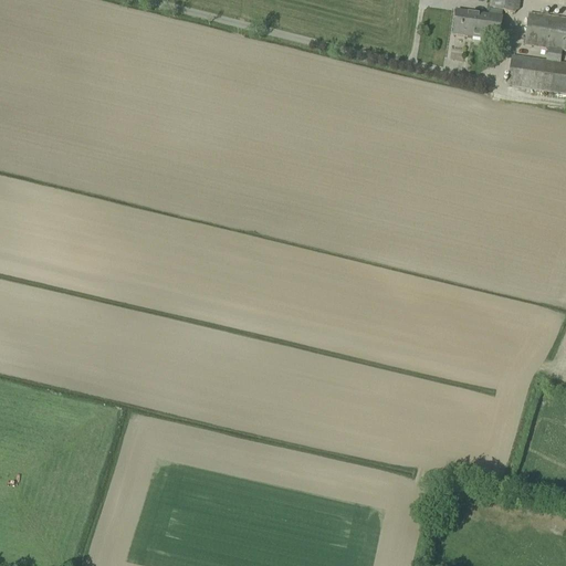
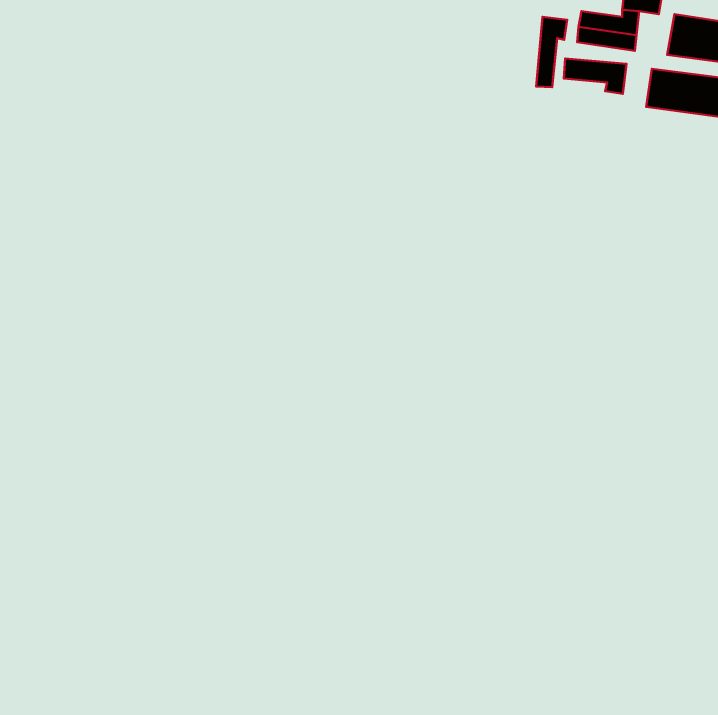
building: none -> [536,17,567,87]
building: none -> [564,59,626,94]

